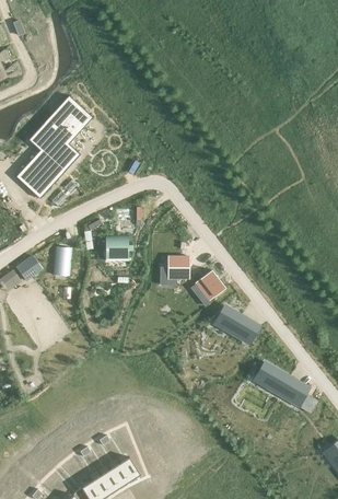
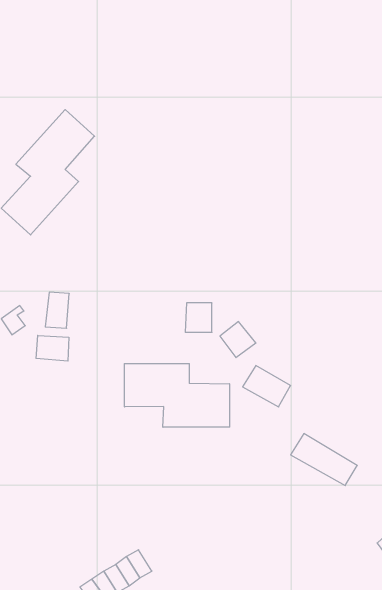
building: [105,236,131,260] -> none
building: none -> [36,335,69,361]
building: none -> [124,364,230,427]

